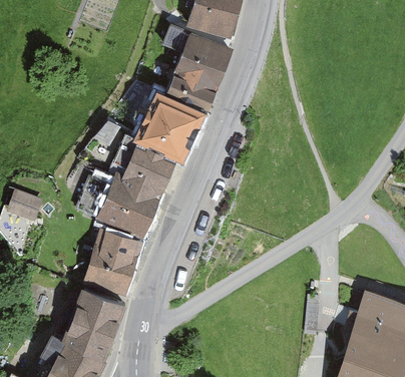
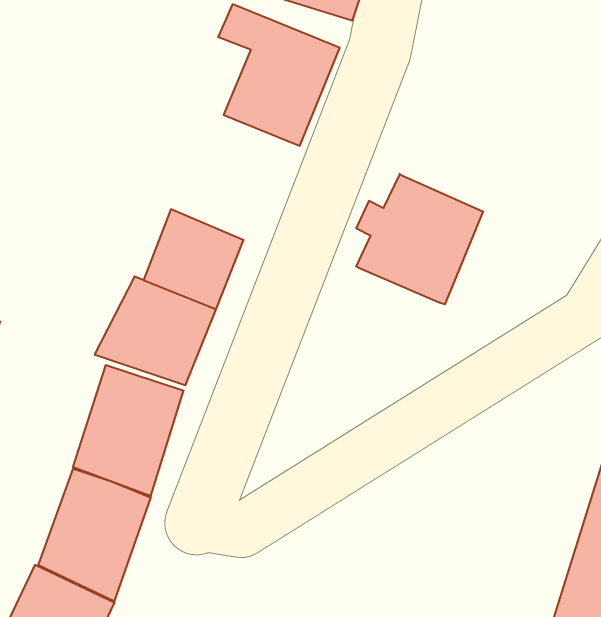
building: [129,94,199,166] -> [356,174,483,304]

